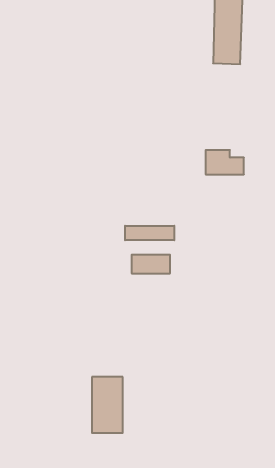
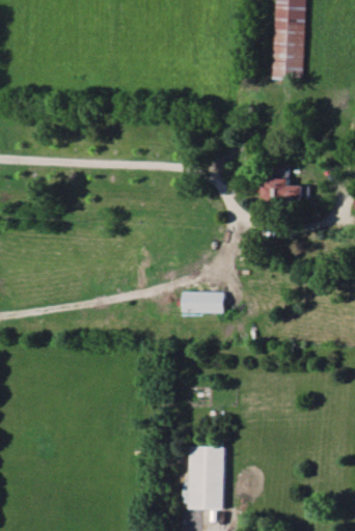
building: [125,226,174,240] -> none
building: [92,377,123,433] -> [188,447,222,509]

